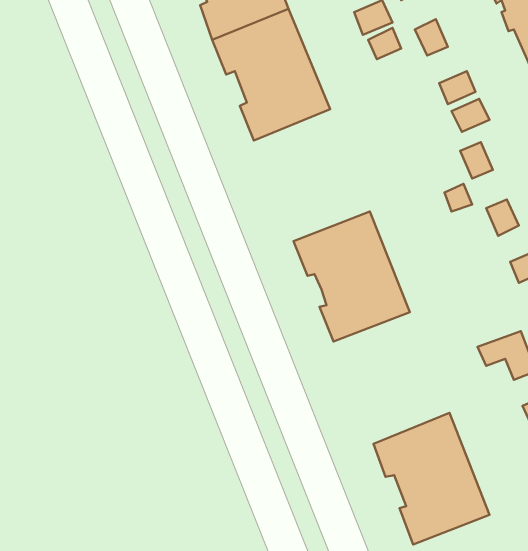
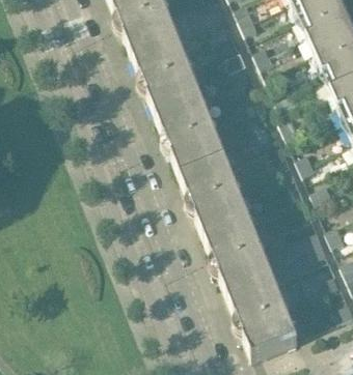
building: none -> [159,99,228,178]
building: none -> [207,221,276,299]

